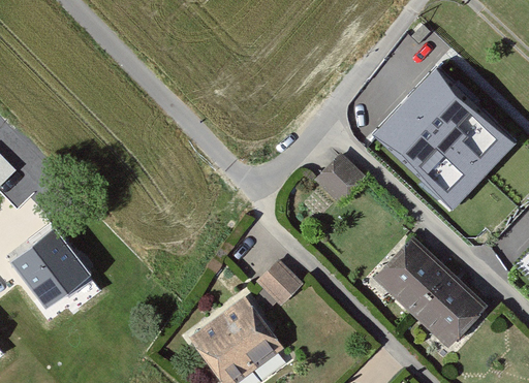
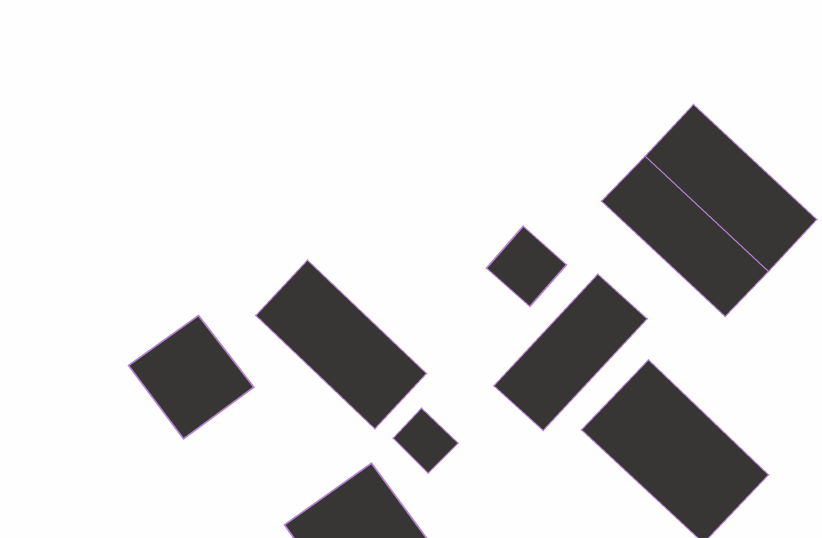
building: none -> [256,260,427,429]
building: none -> [494,274,647,430]
building: [17,231,94,308] -> [129,316,254,439]

